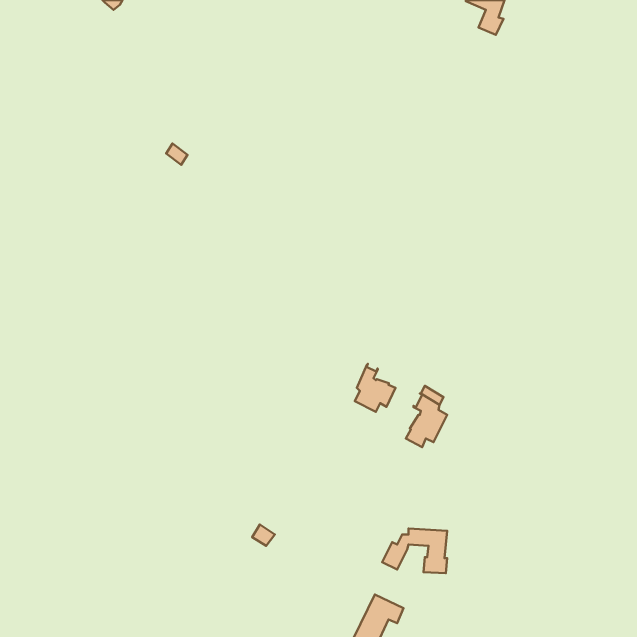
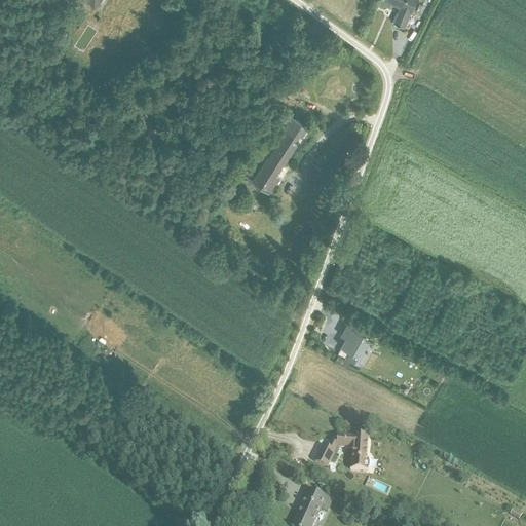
building: none -> [254,109,303,189]
building: [355,364,396,412] -> none

